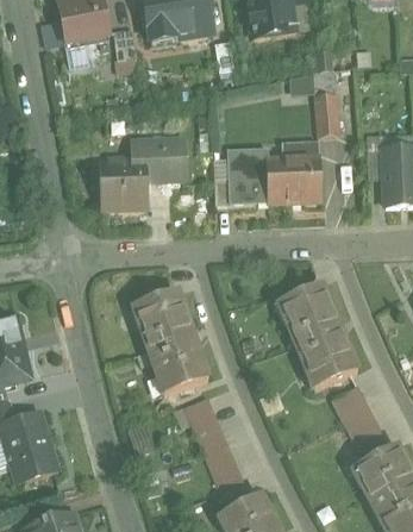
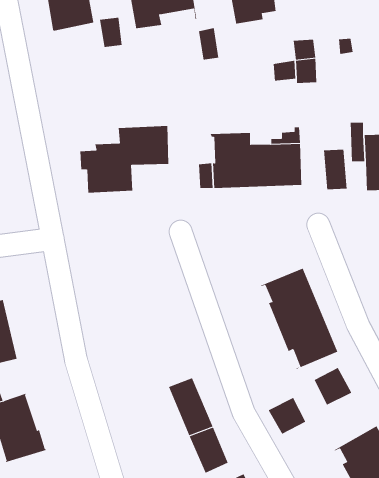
building: [314,95,339,137] -> [323,149,348,190]
building: [134,288,209,392] -> none
building: [345,412,384,450] -> [268,397,306,435]

